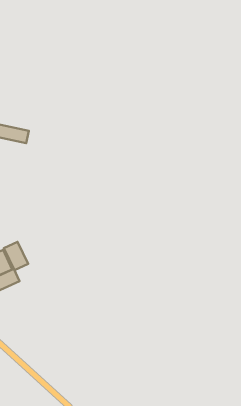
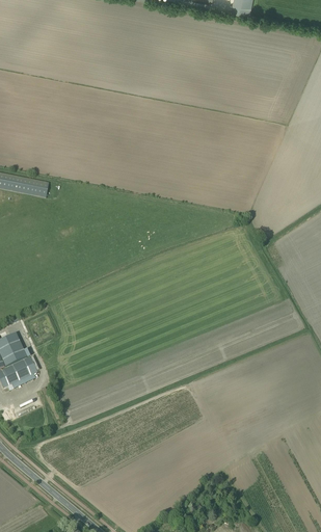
building: [4,242,28,270] -> none

